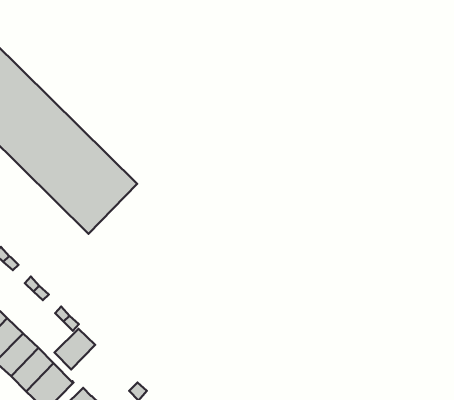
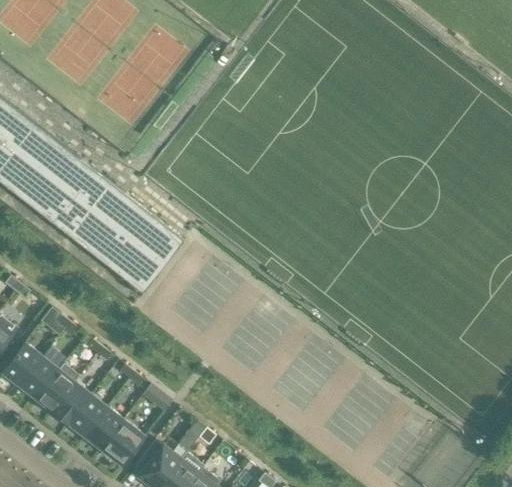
building: [54,329,95,369] -> none

